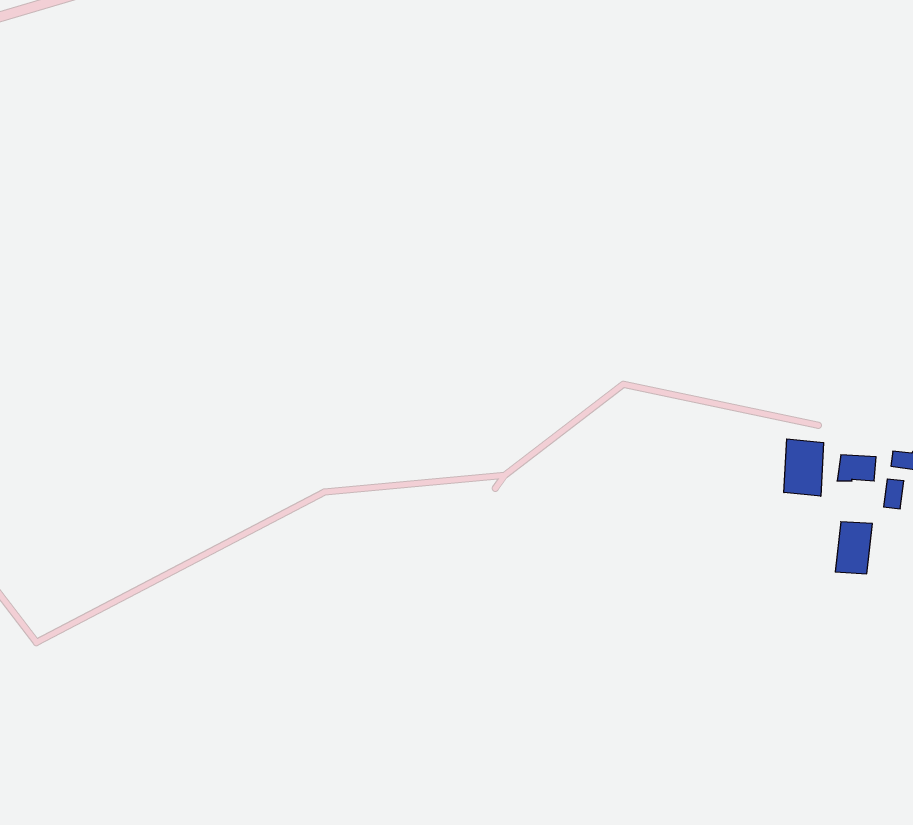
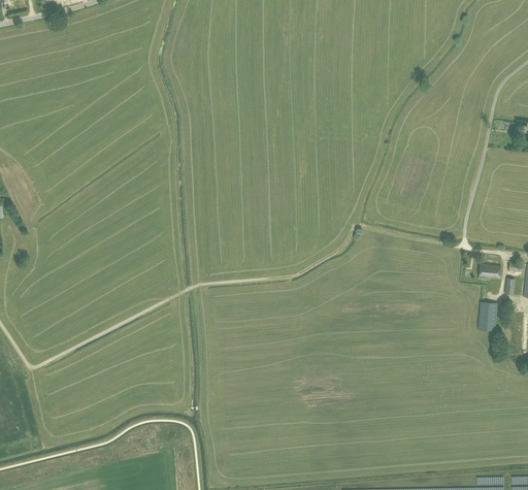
building: [784,439,824,496] -> none

